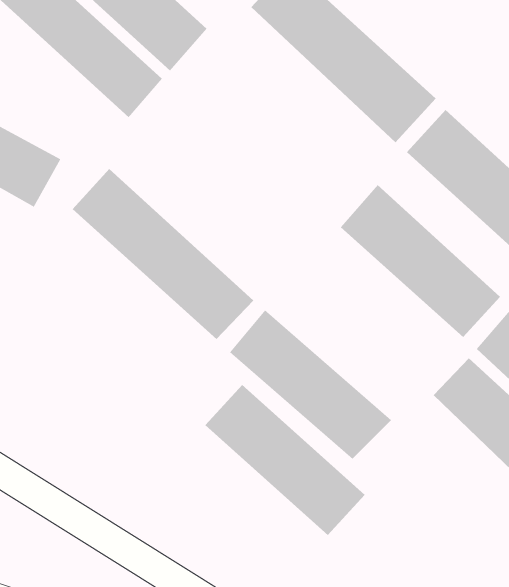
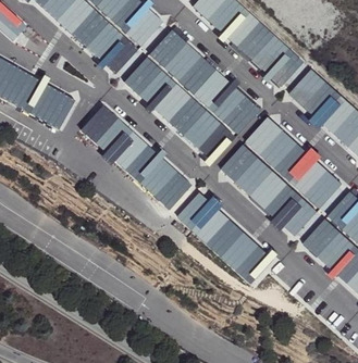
building: none -> [150,28,261,135]
building: none -> [124,59,234,164]
building: [205,384,365,536] -> [219,146,317,238]

